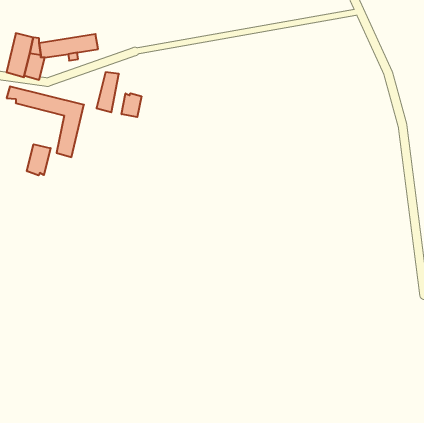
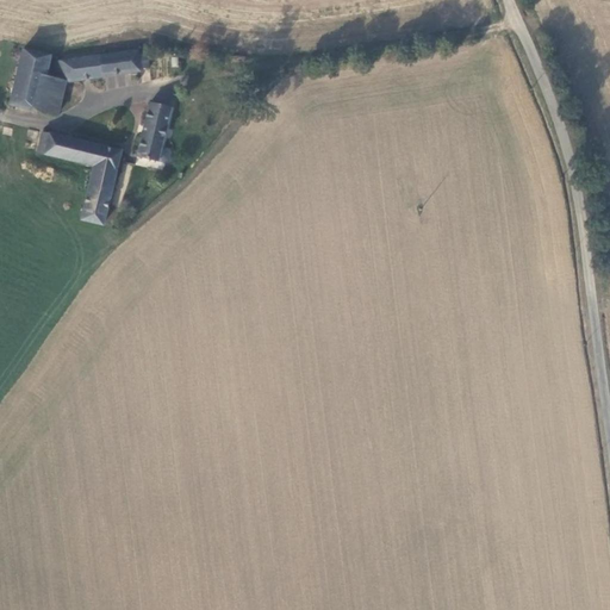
building: [122,93,141,117] -> none
building: [27,144,51,175] -> none

